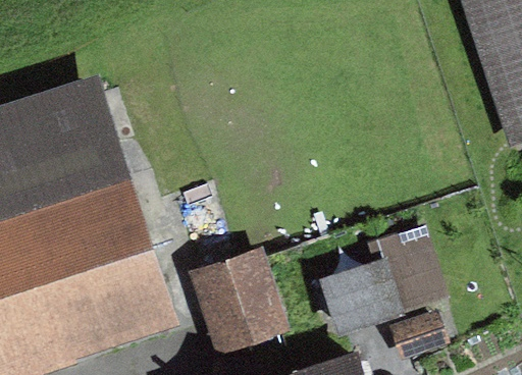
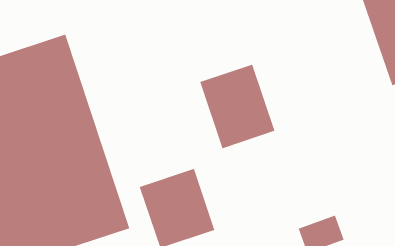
building: none -> [200,64,275,149]
building: [318,224,450,337] -> none

